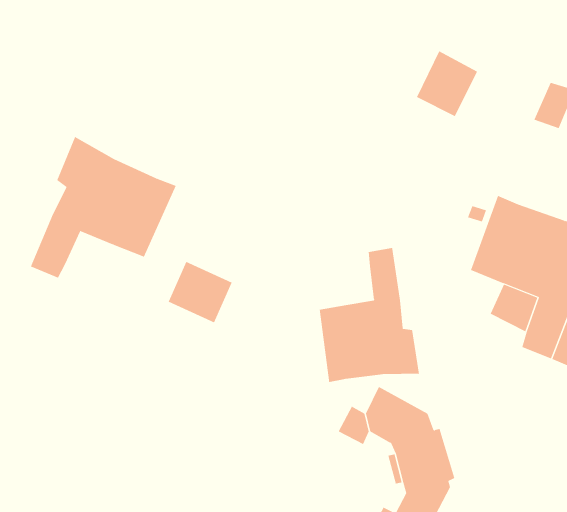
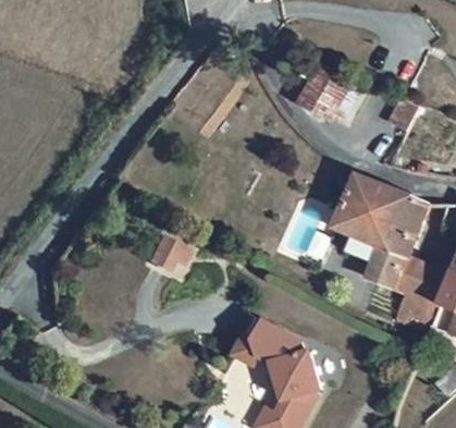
building: [30,136,177,278] -> none
building: [319,247,420,383] -> none

